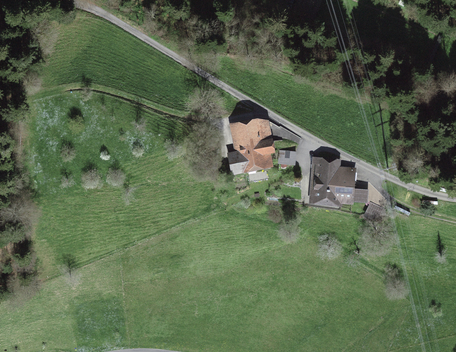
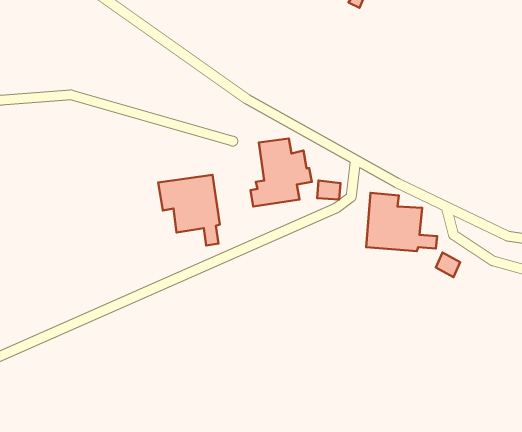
building: none -> [158,175,220,245]

